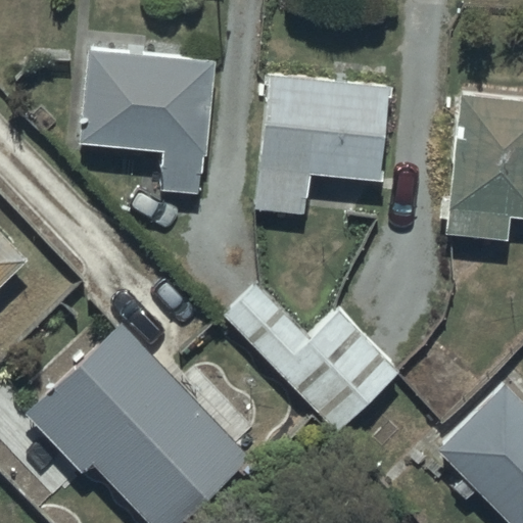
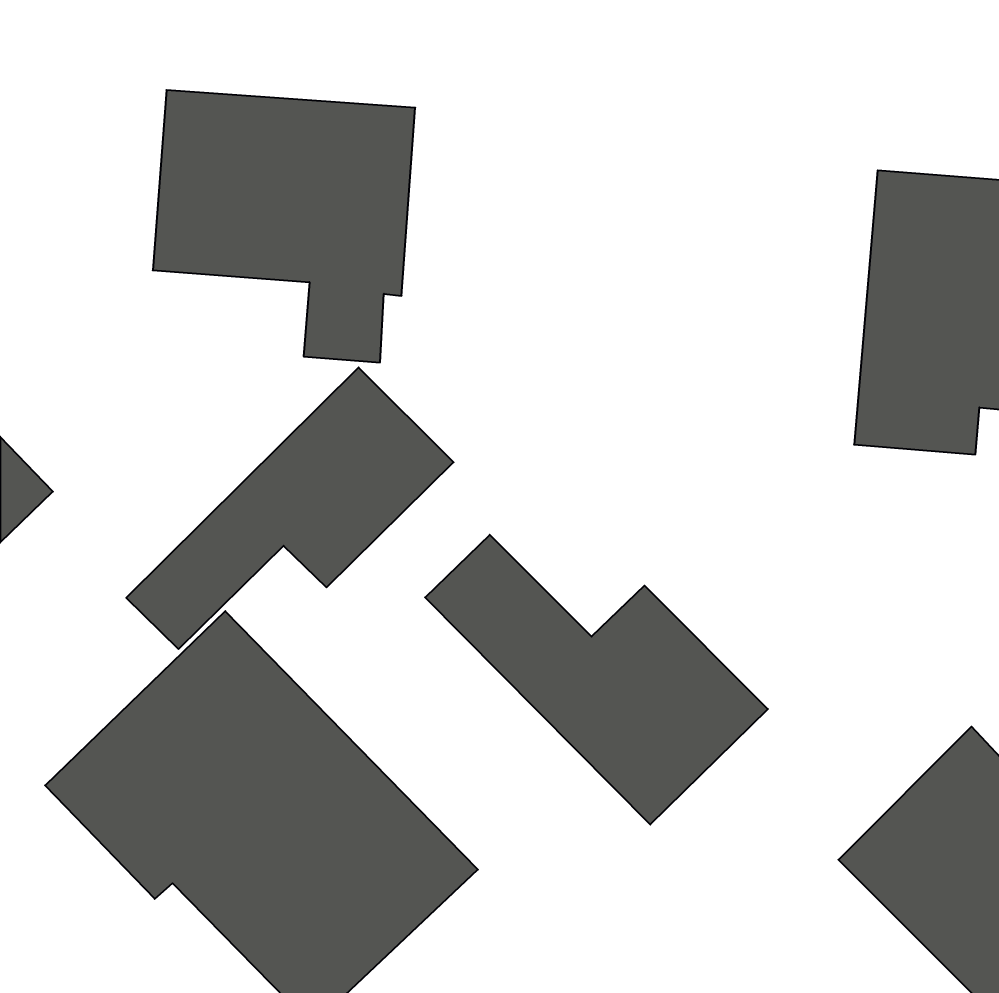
building: [256,76,392,215] -> none
building: none -> [126,367,454,649]

